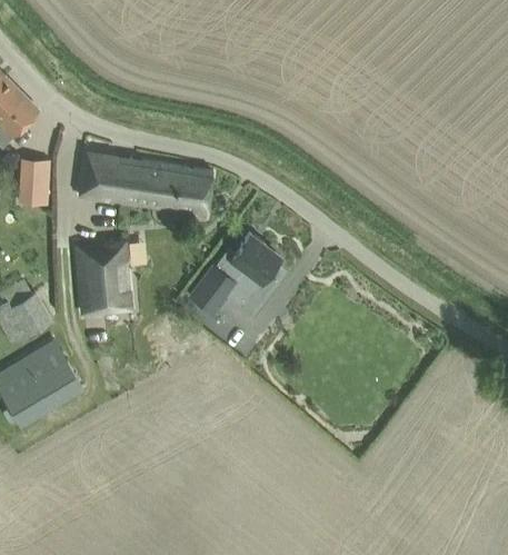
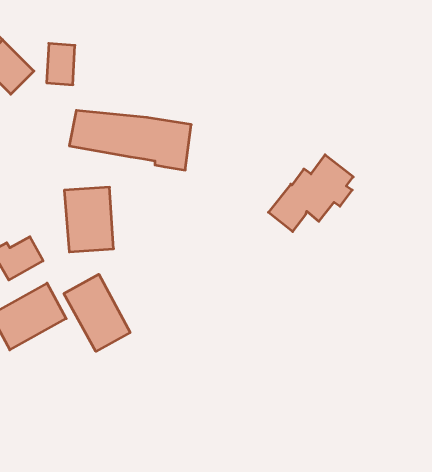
building: [19,159,50,205] -> [47,43,75,85]
building: [188,234,281,318] -> [268,155,353,232]
building: none -> [64,274,130,351]

